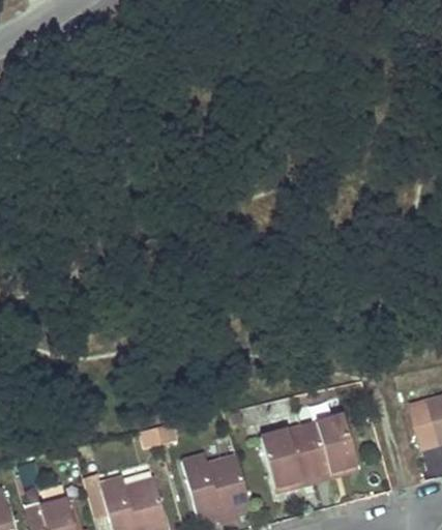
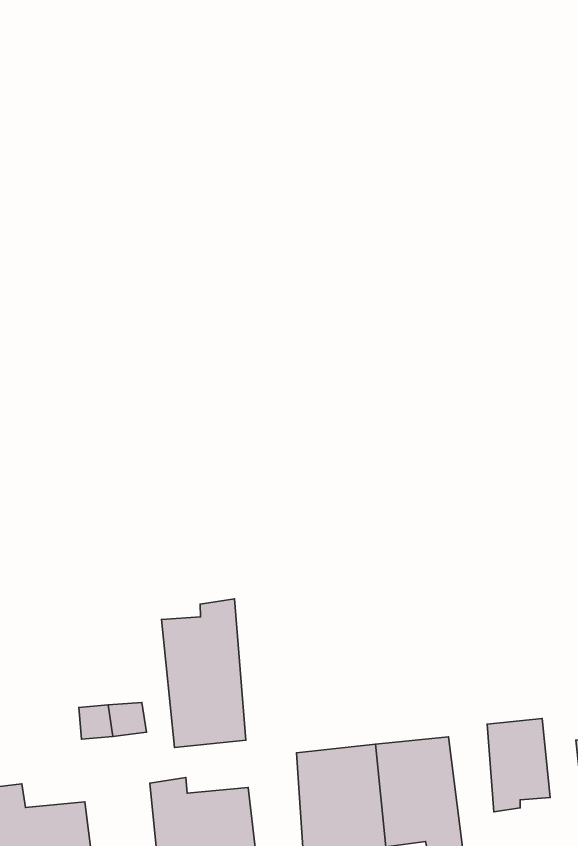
building: none -> [161,599,246,747]
building: none -> [487,719,550,812]

